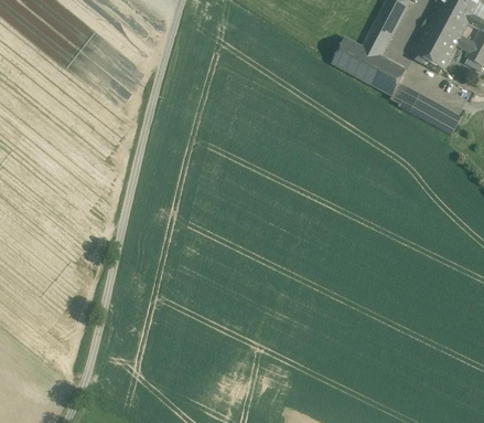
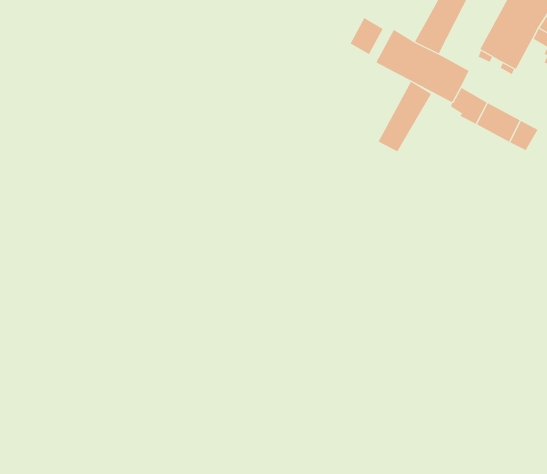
building: none -> [350,17,384,55]
building: none -> [378,81,432,152]

